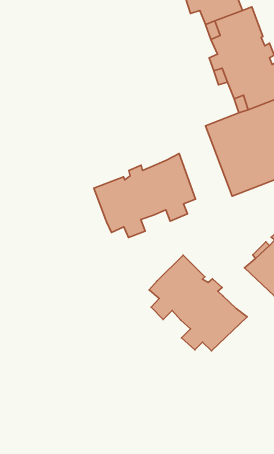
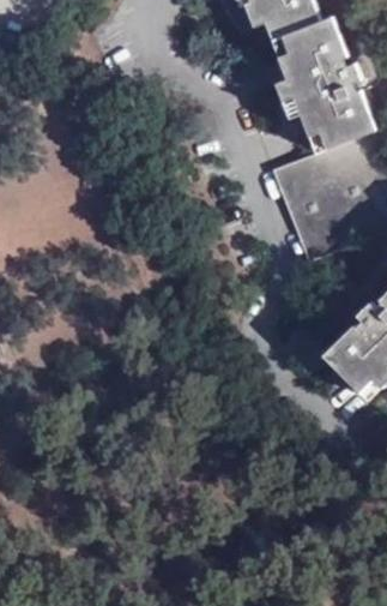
building: [94,154,195,237] -> none
building: [149,255,247,351] -> none

